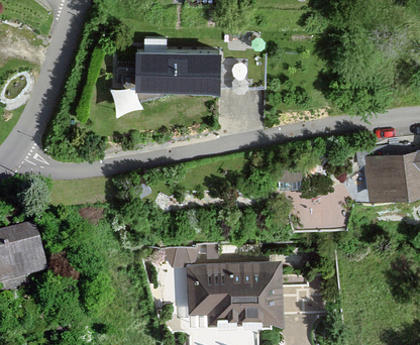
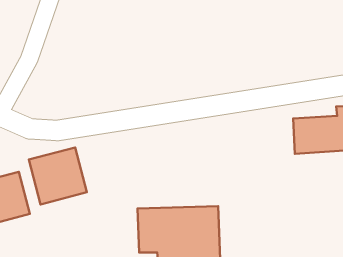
building: [137,37,223,92] -> none
building: none -> [29,147,87,204]

